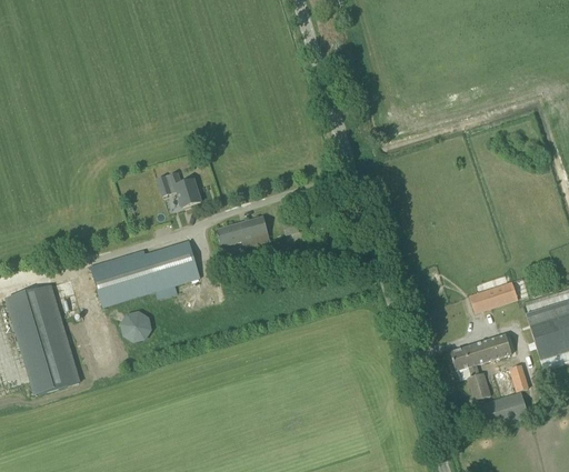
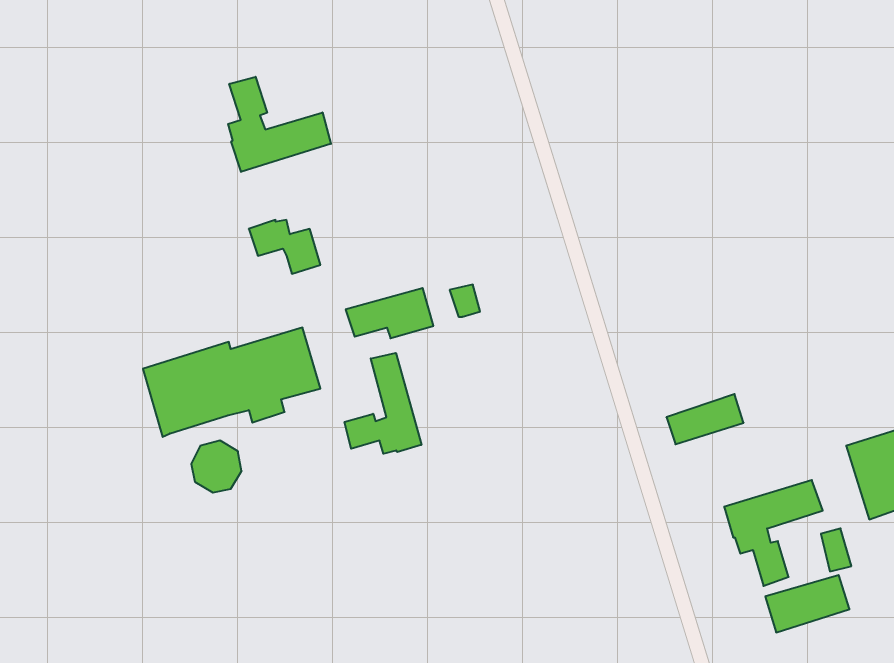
building: none -> [228,77,331,172]
building: none -> [345,353,421,454]
building: [469,281,517,312] -> [666,394,744,444]
building: [7,284,78,394] -> none

